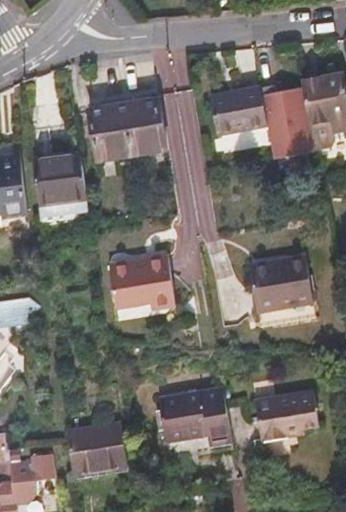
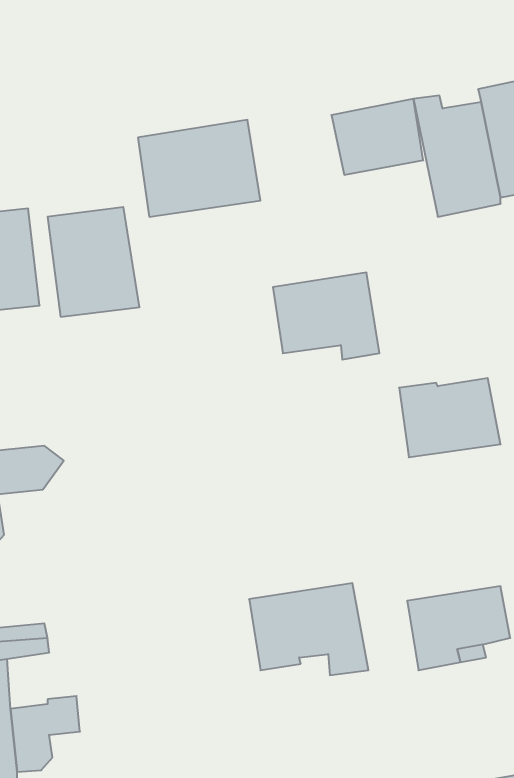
building: [109,254,175,308] -> [273,273,379,360]
building: [68,424,127,474] -> none

